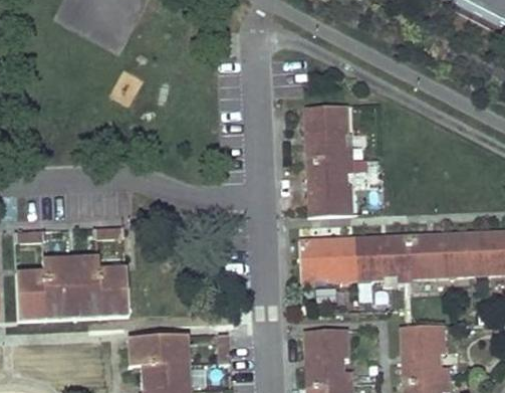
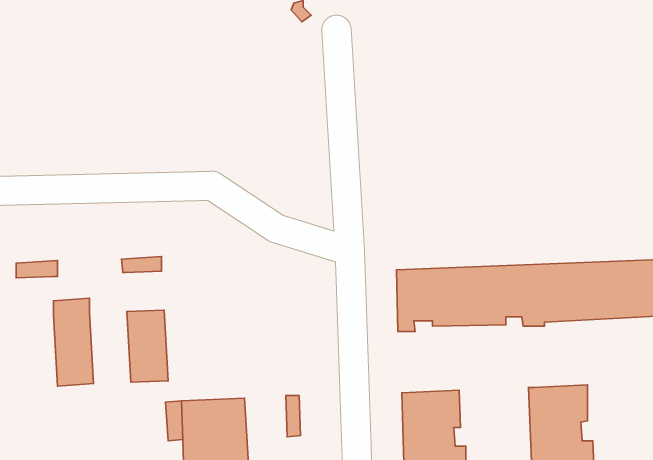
building: [304,106,354,215] -> none
building: [70,258,101,324] -> none
building: [17,272,46,327] -> none

